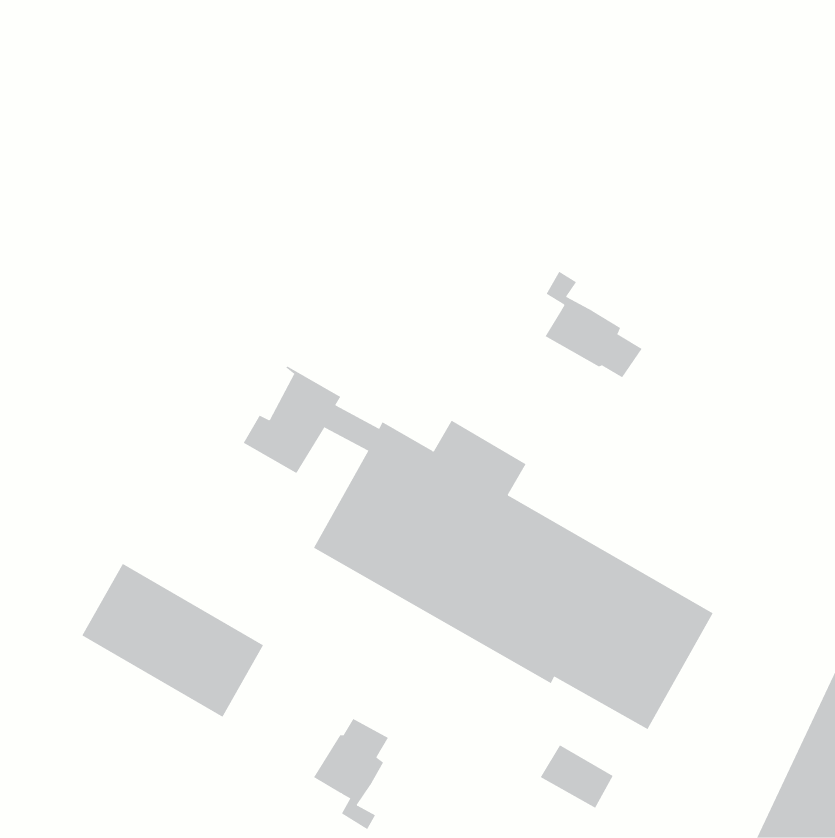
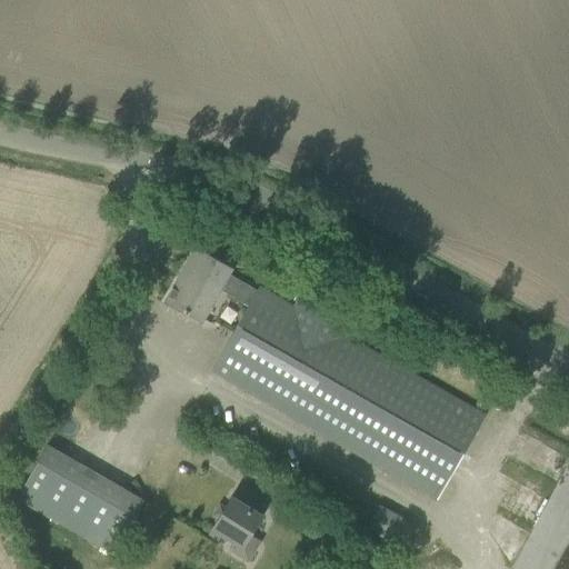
building: [545,271,642,378] -> none
building: [82,563,264,717] -> [21,445,144,549]

